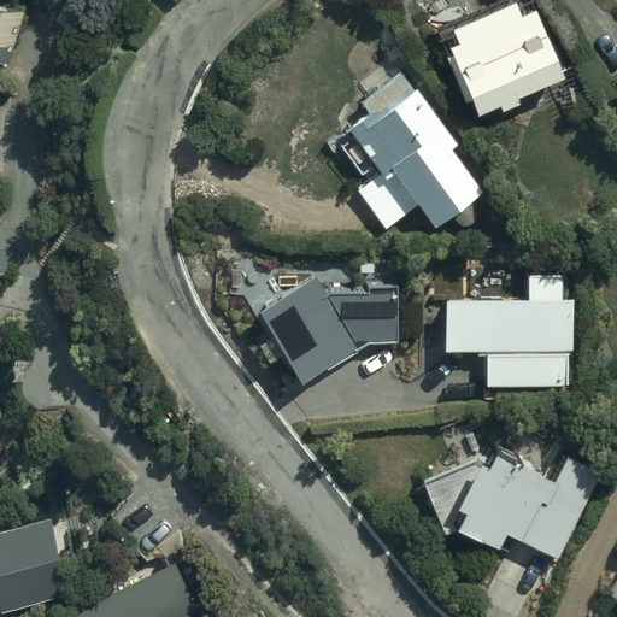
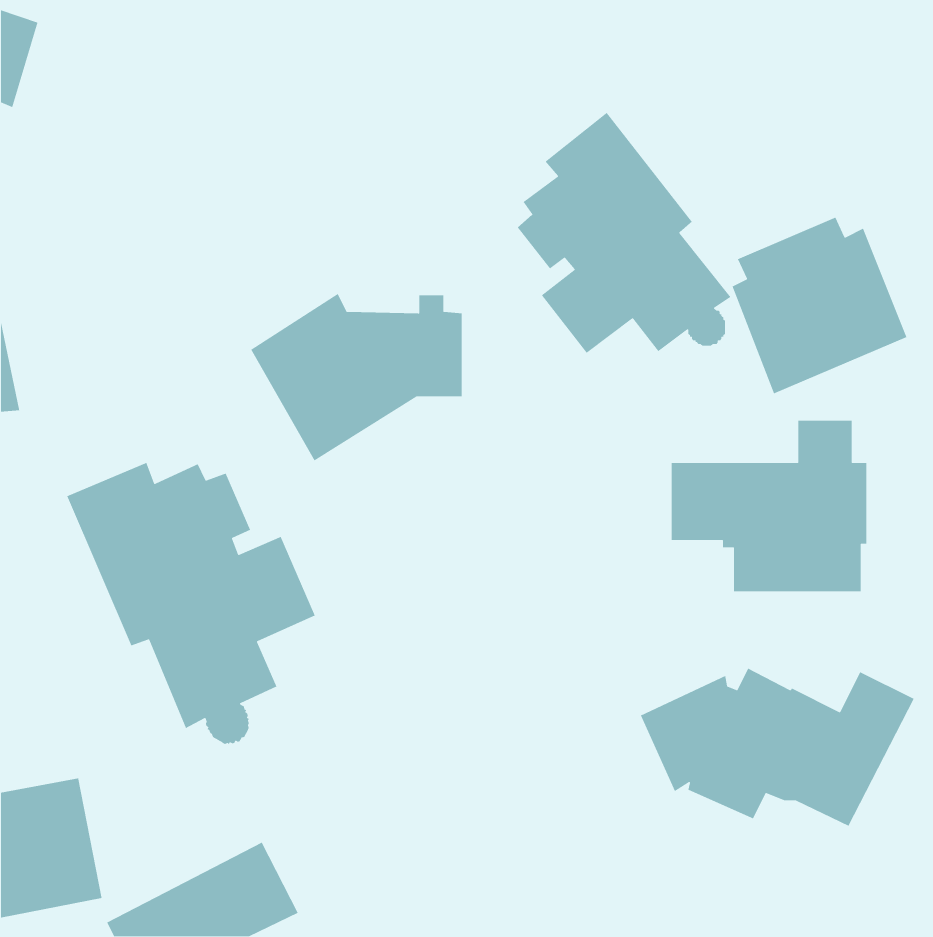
building: [446,6,562,123] -> [731,217,907,394]
building: [258,276,398,387] -> [250,293,463,461]
building: none -> [66,462,316,745]

